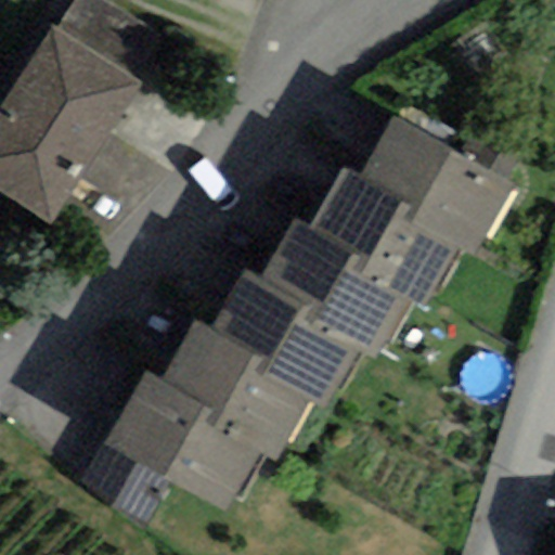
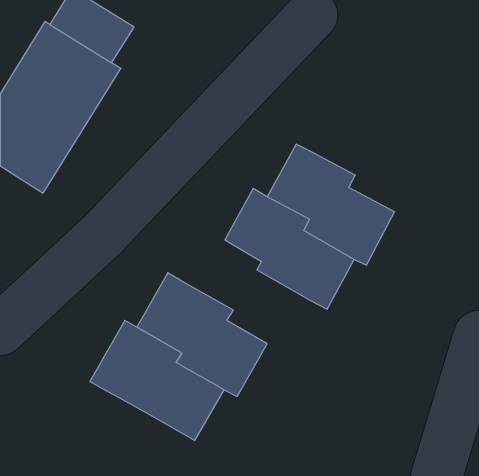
building: [358,115,513,255] -> none
building: [210,268,360,408] -> none
building: [81,441,170,519] -> none

